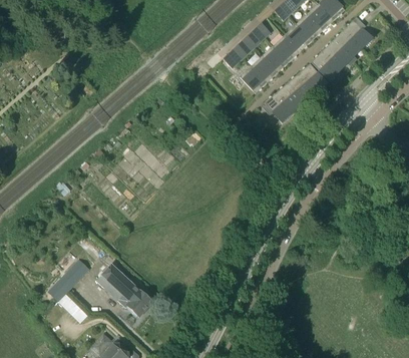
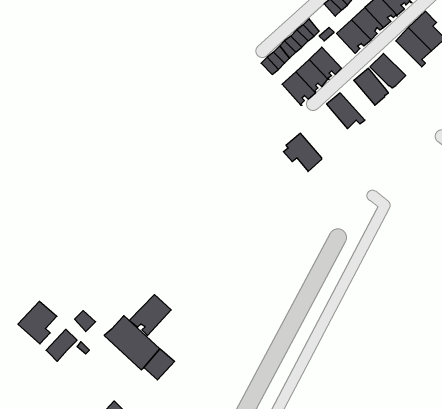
building: [272,35,299,63] -> none
building: [322,41,353,69] -> none
building: [287,73,315,105] -> none
building: [262,92,293,123] -> [283,133,322,172]
building: none -> [129,295,171,336]
building: none -> [18,301,57,344]

